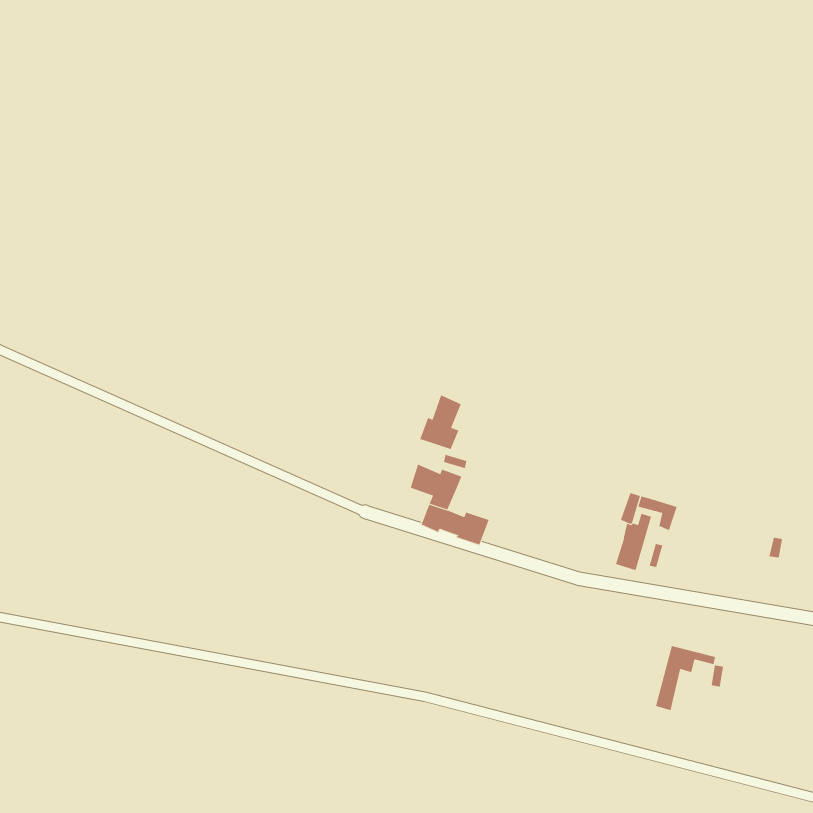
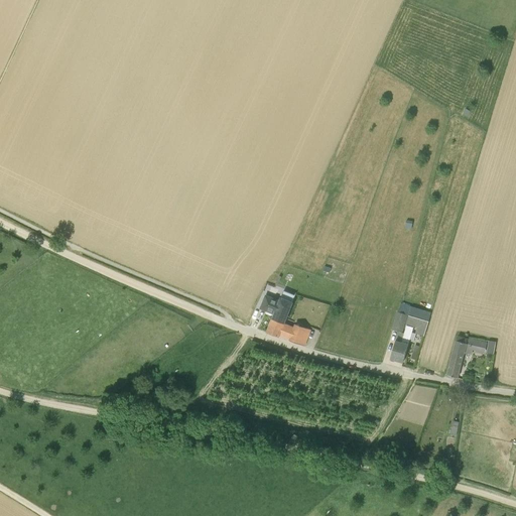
building: [419,394,462,450] -> none
building: [655,646,716,711] -> [446,336,485,377]

